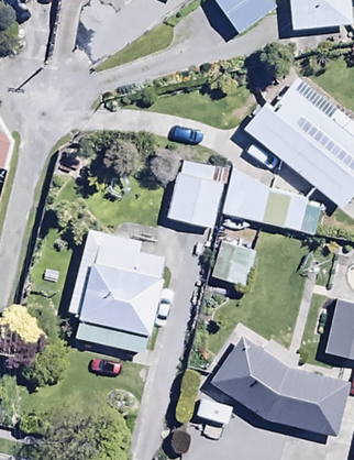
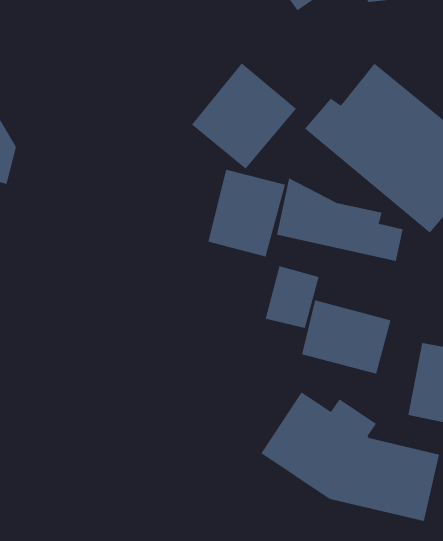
building: none -> [191,63,297,170]
building: [68,229,172,357] -> none
building: none -> [302,300,391,374]

